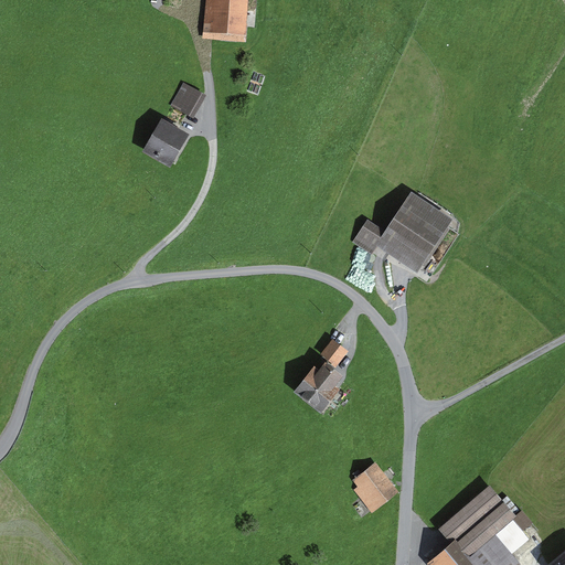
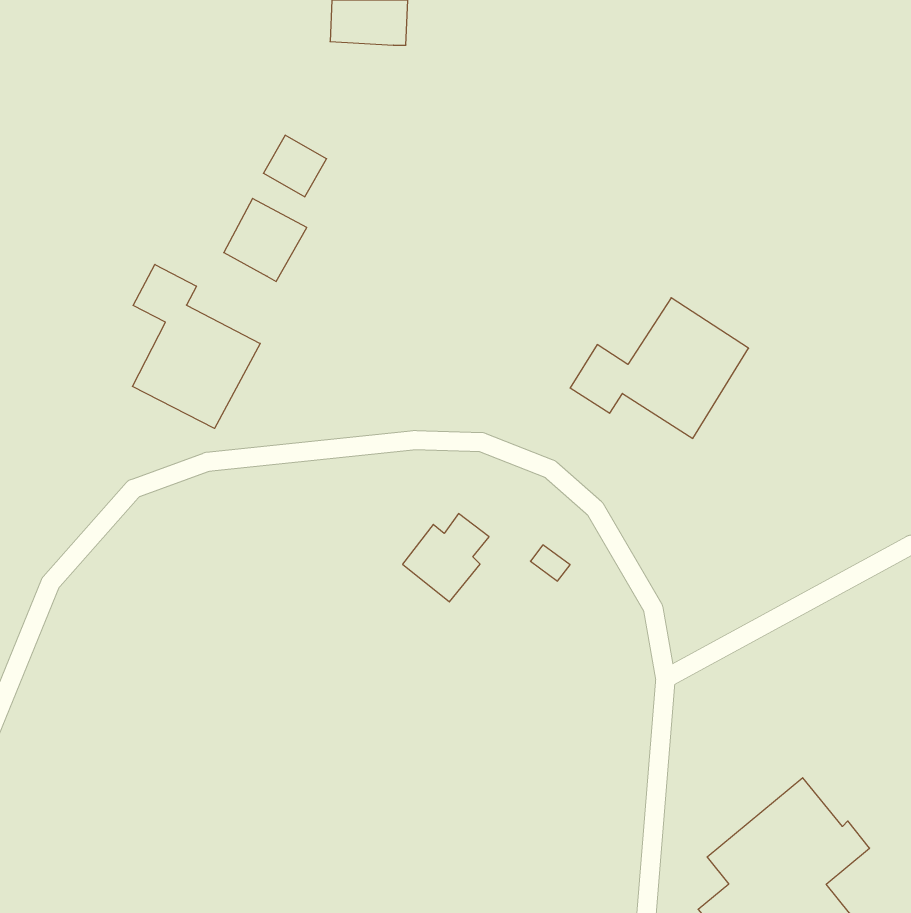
building: none -> [132,264,260,428]
building: [296,360,349,414] -> [403,514,489,602]
building: [347,461,397,512] -> none

